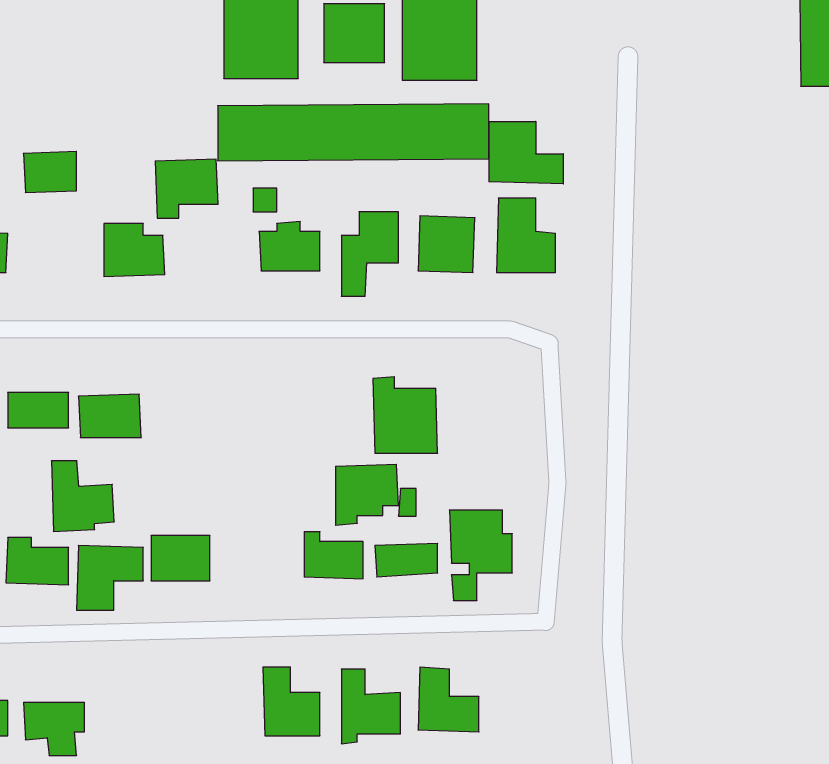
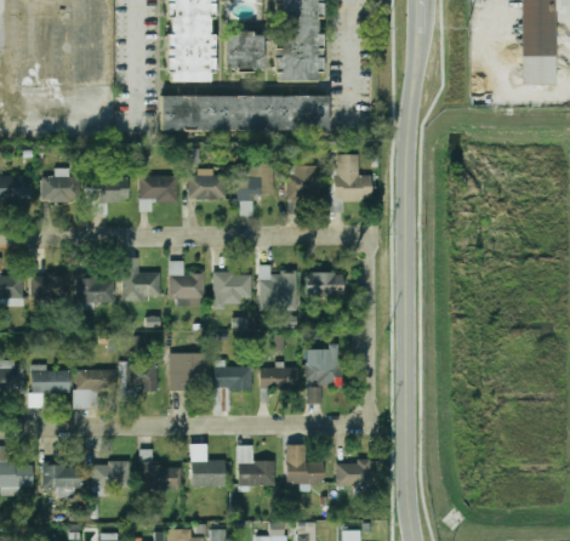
building: [489,121,563,184] -> none
building: [23,151,76,193] -> [41,176,74,201]
building: [155,159,218,218] -> [138,175,177,211]
building: none -> [169,261,204,297]
building: none -> [306,272,342,296]
building: [51,461,114,531] -> [121,257,160,301]
building: [336,464,398,525] -> [212,272,251,309]
building: none -> [169,353,205,388]
building: none -> [138,451,181,489]
building: none -> [335,459,370,485]
building: none -> [91,461,127,495]

